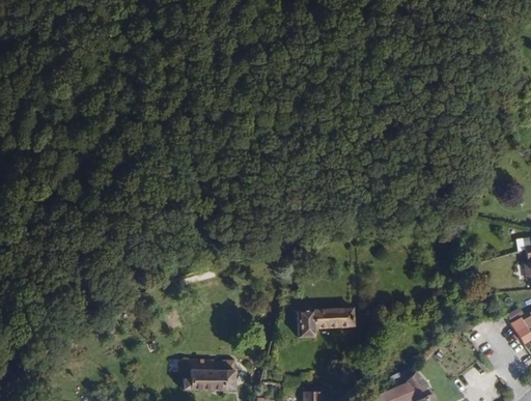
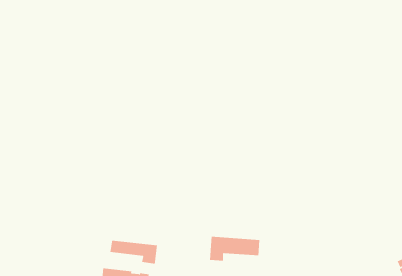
building: none -> [110,240,157,264]

